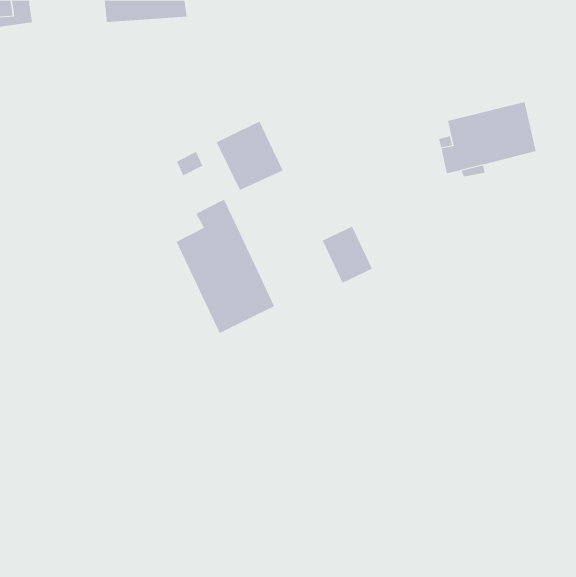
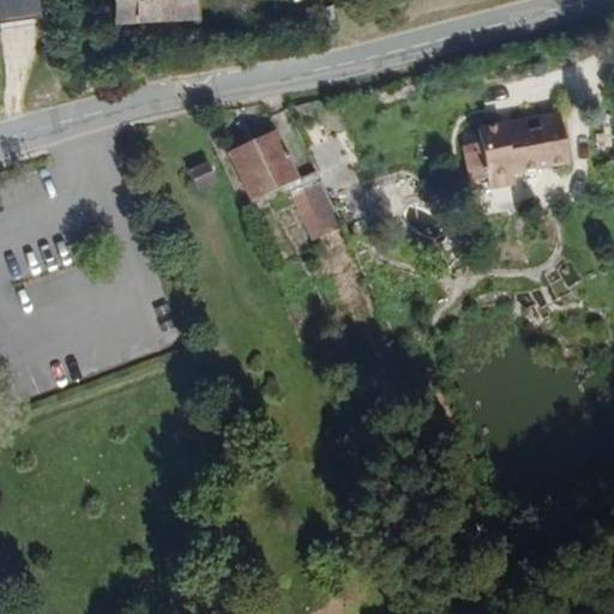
building: [176,199,275,334] -> none
building: [322,226,373,283] -> [288,182,342,243]

